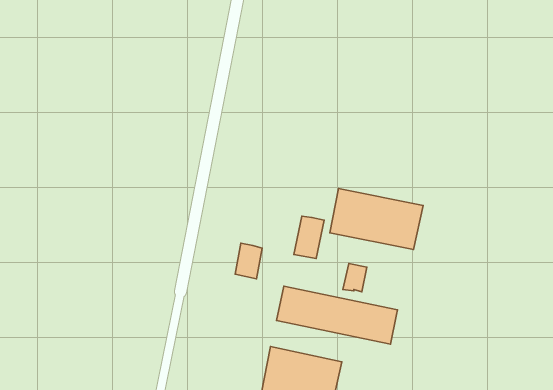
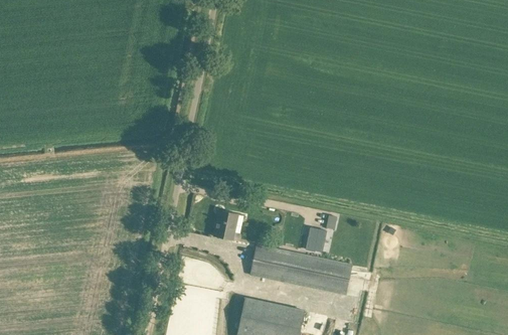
building: [330,188,423,249] -> none
building: [294,216,324,258] -> none

